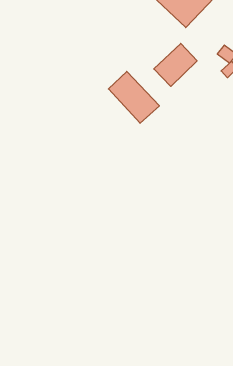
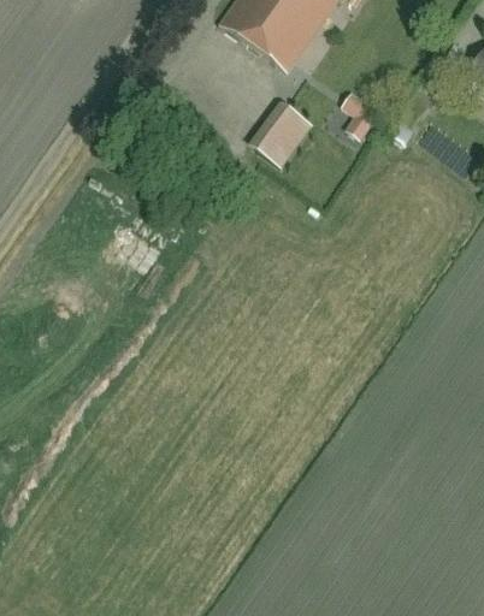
building: [108,71,159,123] -> none

